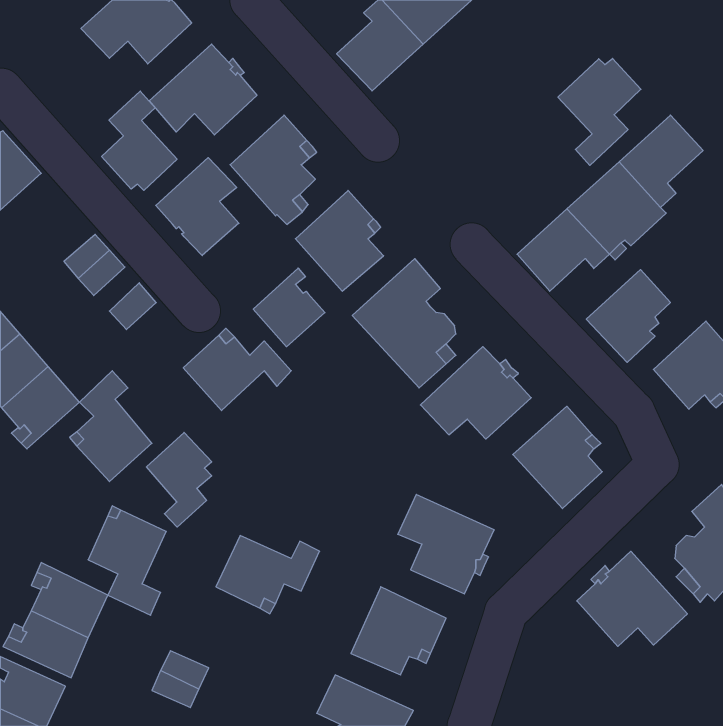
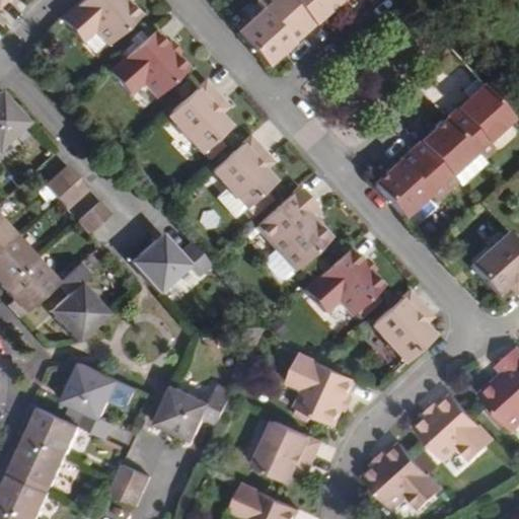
building: [558,58,641,165] -> none
building: [102,91,177,190] -> none
building: [156,158,239,256] -> none
building: [253,268,325,347] -> none
building: [586,270,670,362] -> none
building: [146,432,212,527] -> none
building: none -> [363,442,442,509]

